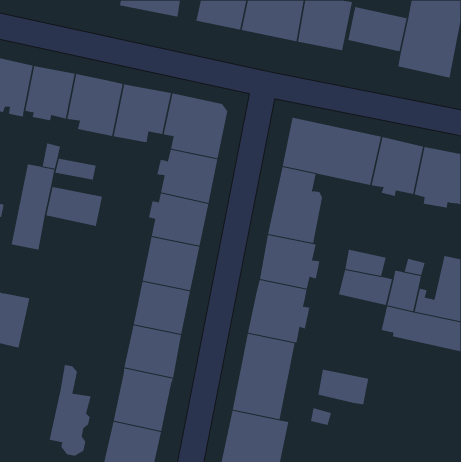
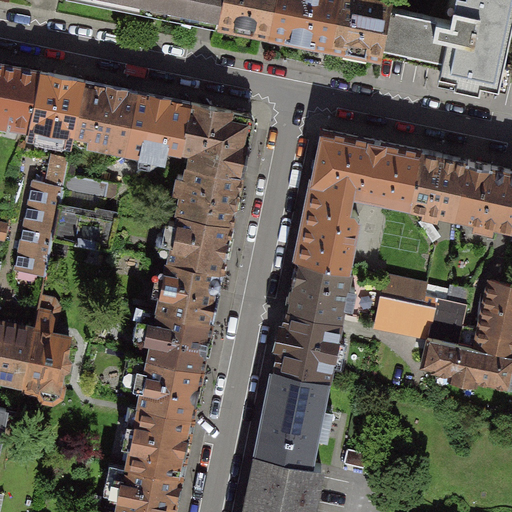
building: [49,364,91,456] -> [21,303,68,404]
building: [318,369,369,405] -> none

